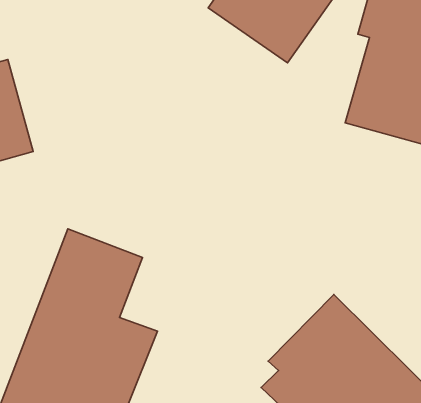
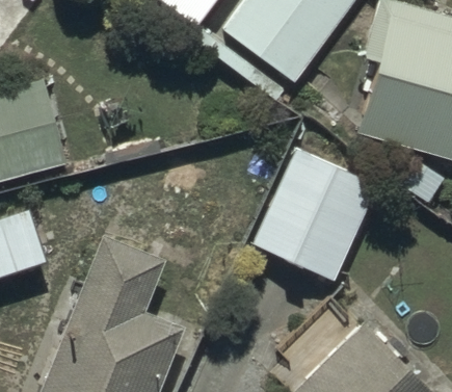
building: none -> [252,150,376,281]

